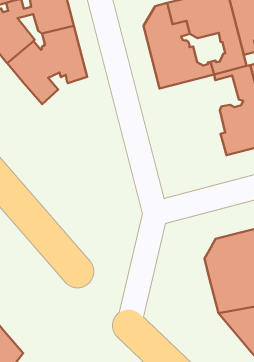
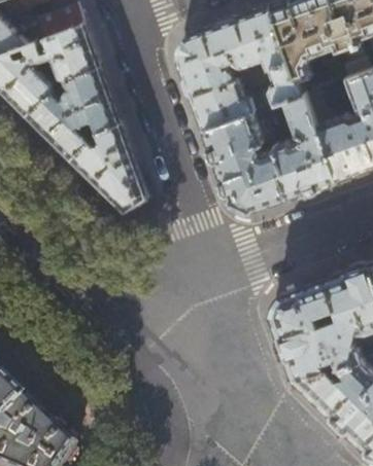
building: none -> [203,107,286,210]
building: none -> [71,122,146,212]

